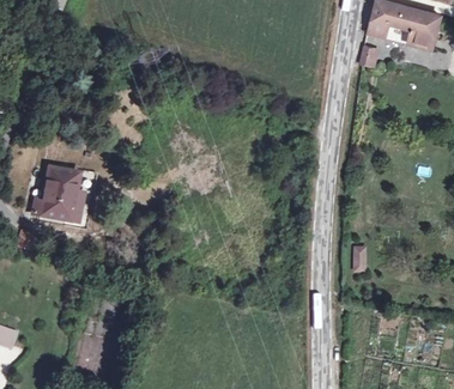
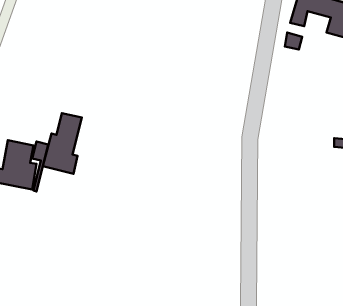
building: none -> [43,113,82,174]

